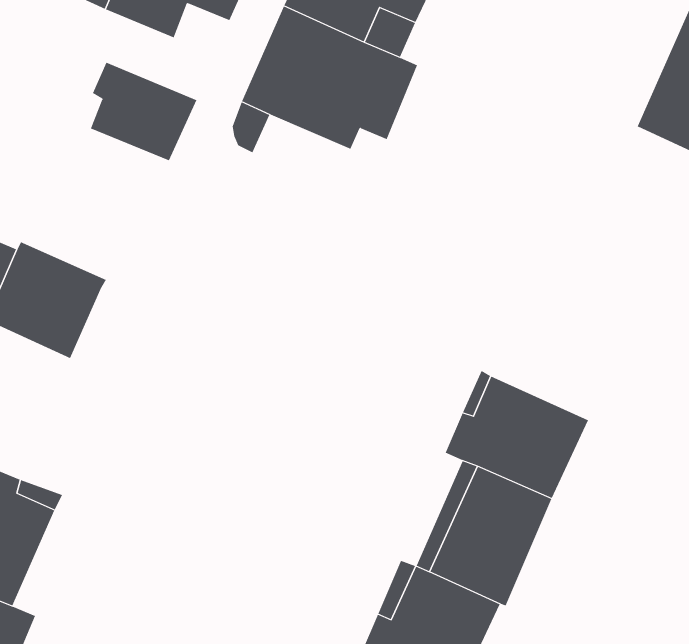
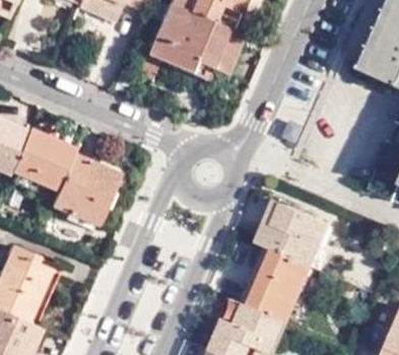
building: [90,62,197,161] -> none
building: none -> [52,154,119,223]

